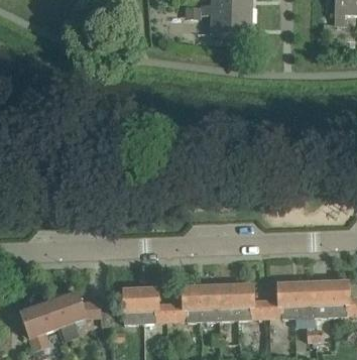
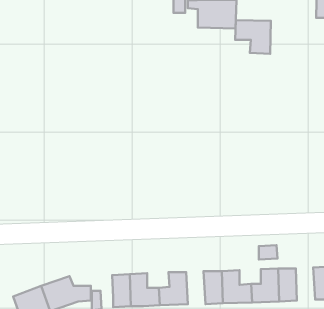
building: none -> [235,20,271,54]
building: [313,281,333,316] -> none
building: [199,285,219,320] -> none

